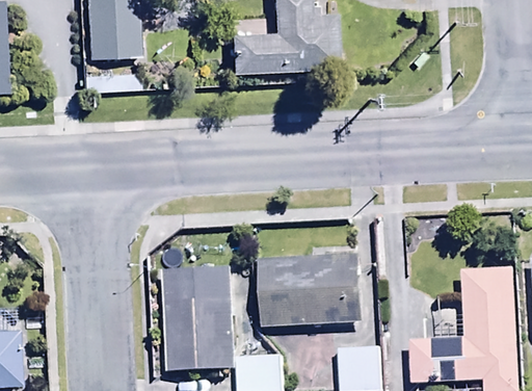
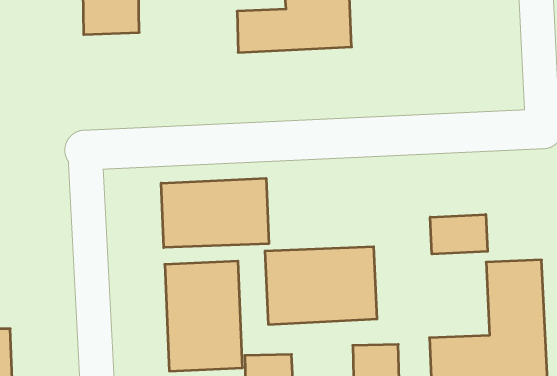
building: none -> [161,178,269,248]
building: none -> [430,214,488,254]

